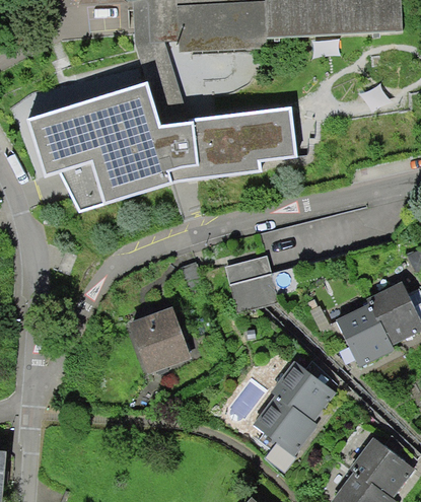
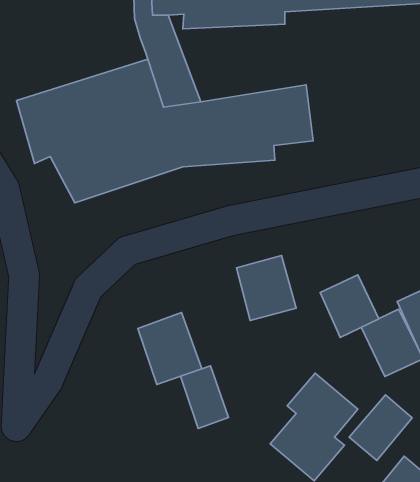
building: none -> [320,275,379,337]
building: none -> [181,366,229,429]
building: none -> [349,395,412,460]

